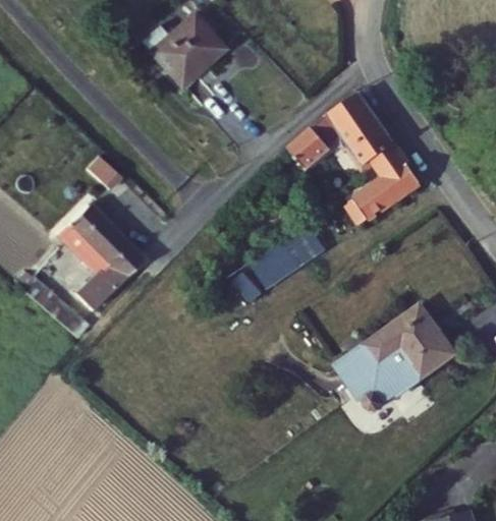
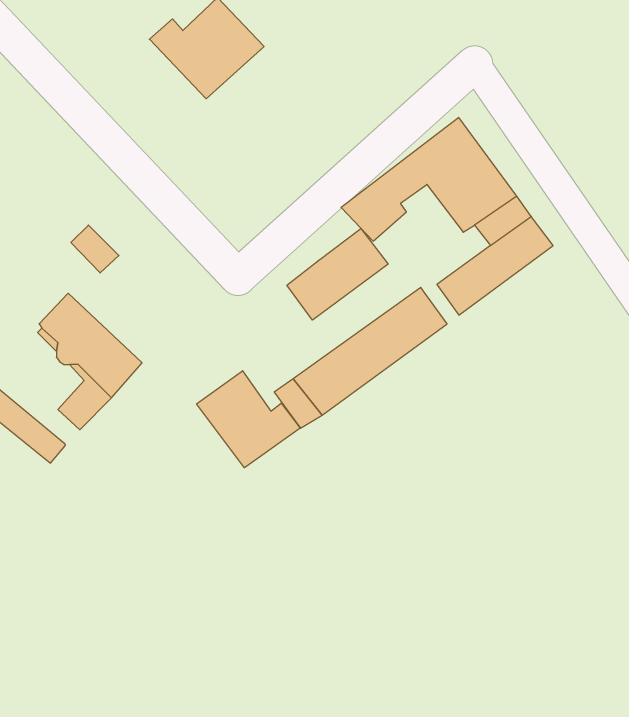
building: none -> [287,228,388,320]
building: none -> [197,371,300,468]
building: [333,306,450,413] -> none

